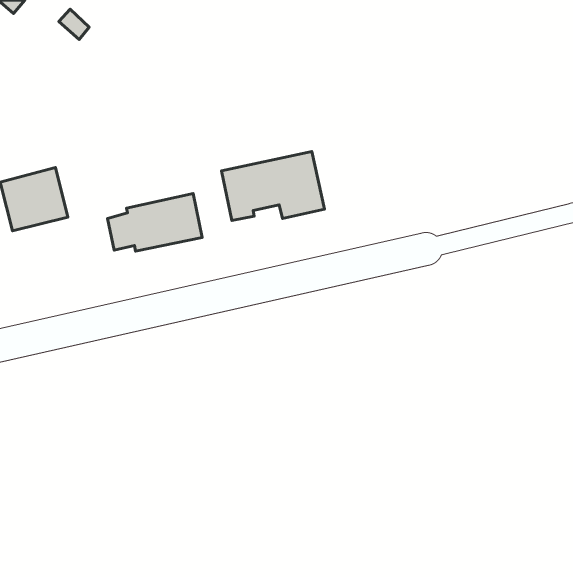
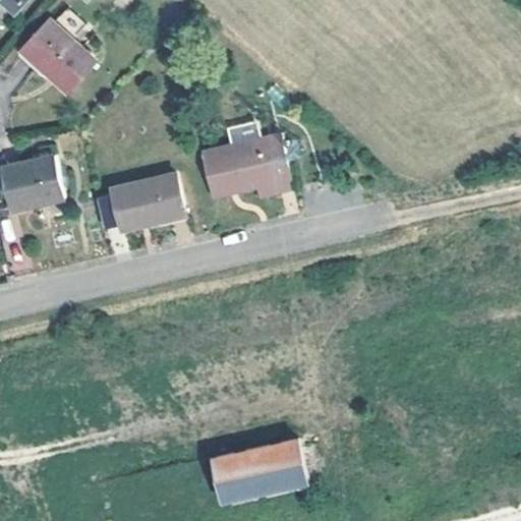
building: none -> [23,21,94,92]
building: none -> [213,443,305,504]

